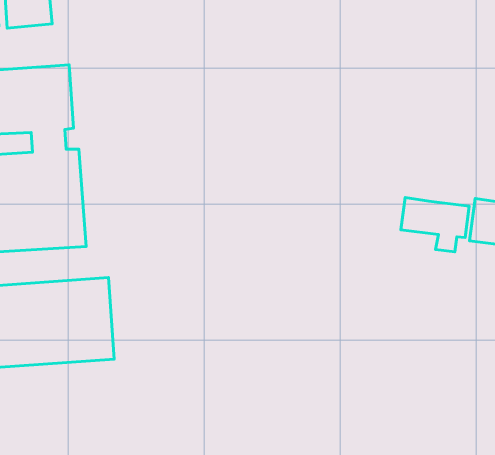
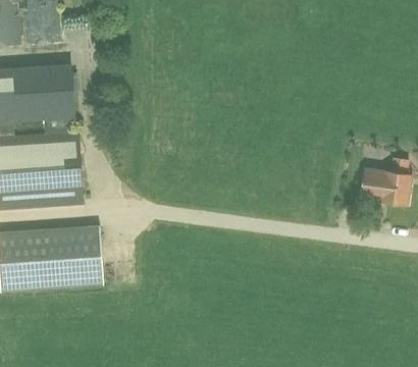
building: [401,198,469,252] -> none

